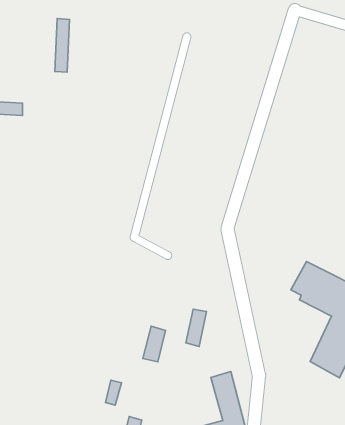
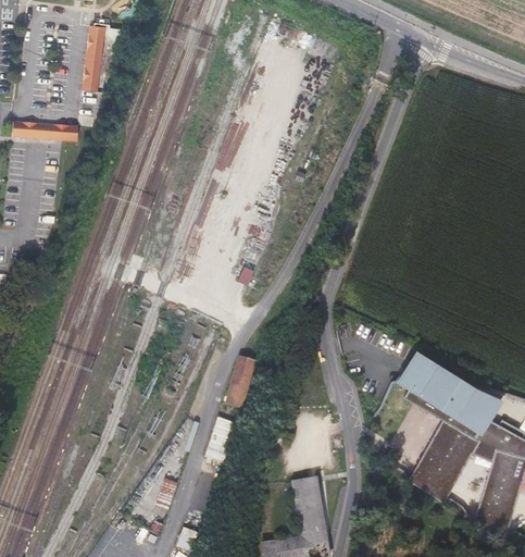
building: [55,19,70,72] -> [83,25,105,92]
building: [186,309,206,346] -> [229,360,258,407]

